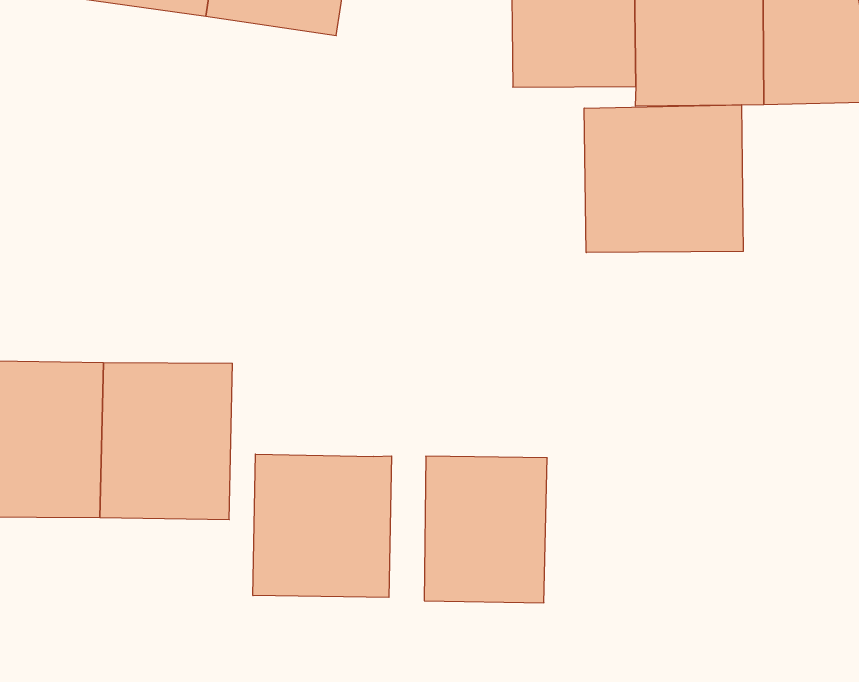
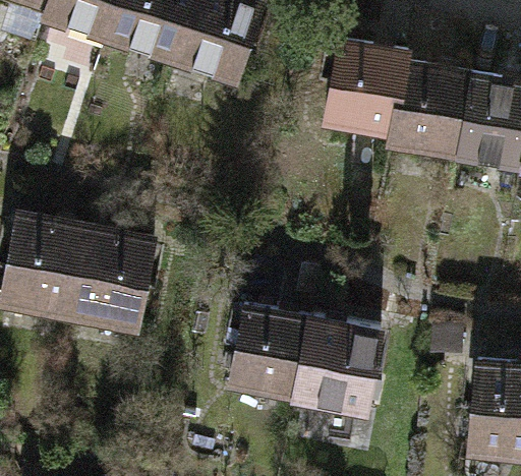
building: [584,105,743,253] -> none
building: [253,454,391,597] -> none
building: none -> [295,321,377,411]

